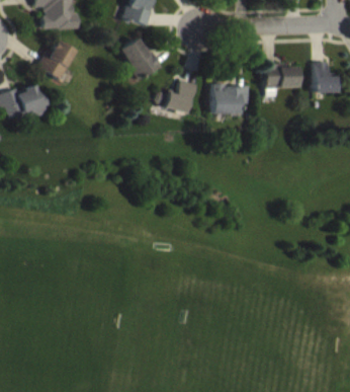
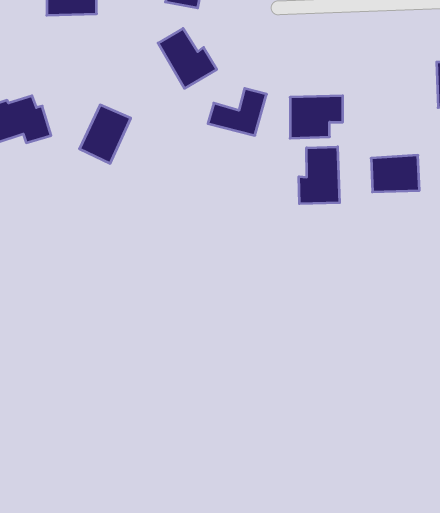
building: [38,40,74,80] -> [79,105,131,163]
building: [264,64,297,89] -> [371,155,419,192]
building: none -> [299,147,340,204]

